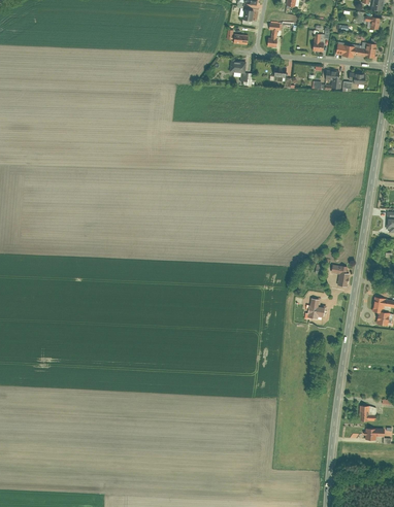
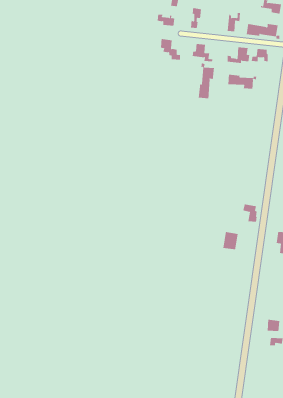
building: none -> [198,63,214,99]
building: none -> [228,74,257,90]

